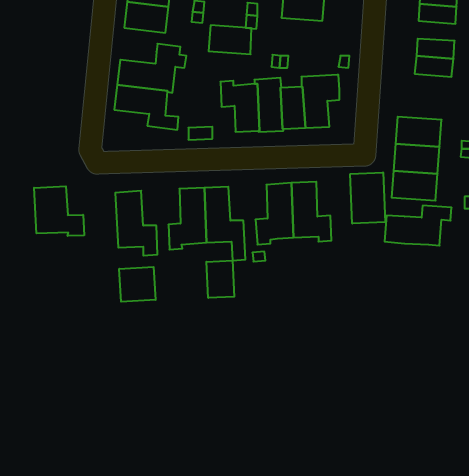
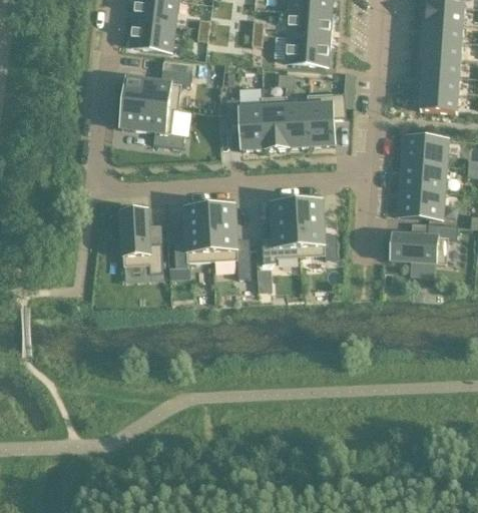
building: none -> [424,38,462,58]
building: [209,25,252,54] -> [286,35,329,64]
building: none -> [420,91,458,111]
building: [350,172,385,224] -> none
building: [34,186,84,236] -> none
building: [206,261,234,298] -> none
building: [119,267,156,302] -> none

